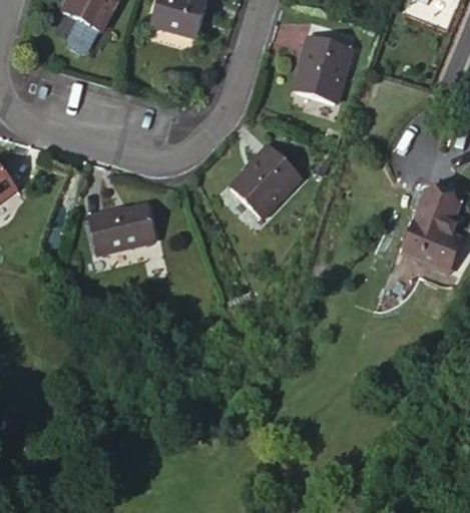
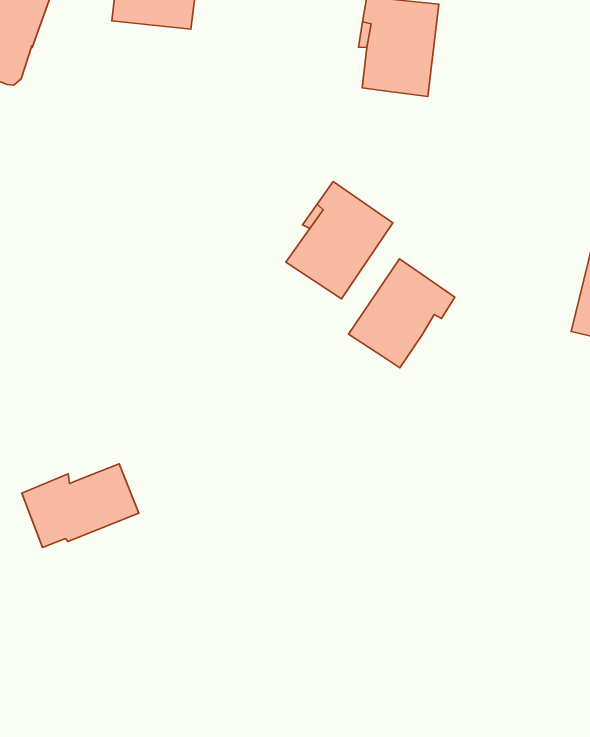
building: none -> [349,259,455,368]
building: [89,208,158,251] -> [22,464,139,547]

